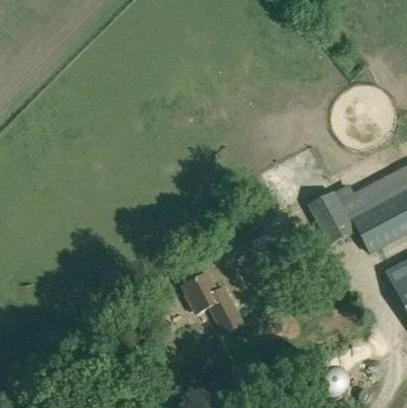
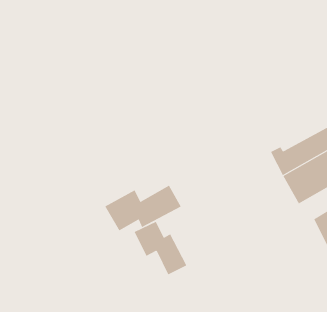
building: [309,192,354,245] -> none
building: none -> [105,185,182,231]

